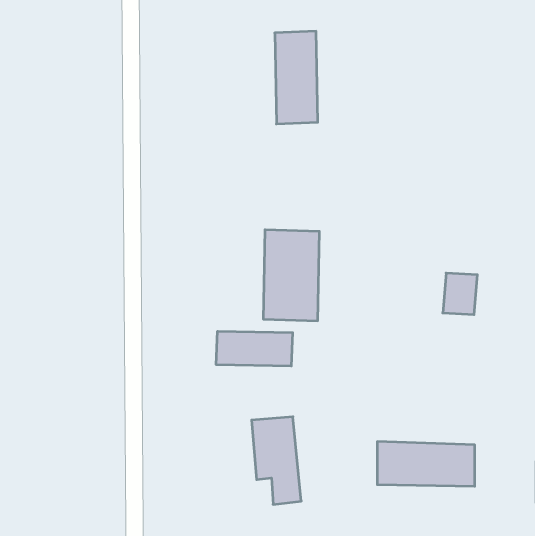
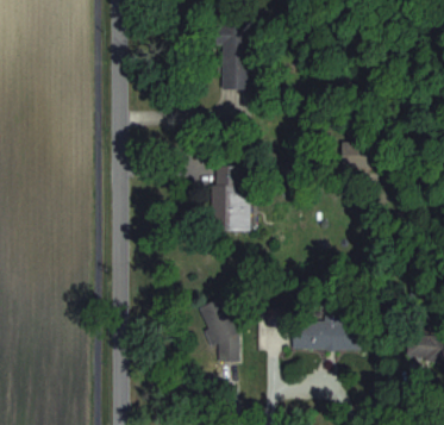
building: [443,273,477,315] -> [340,142,365,171]
building: [216,331,293,366] -> none

